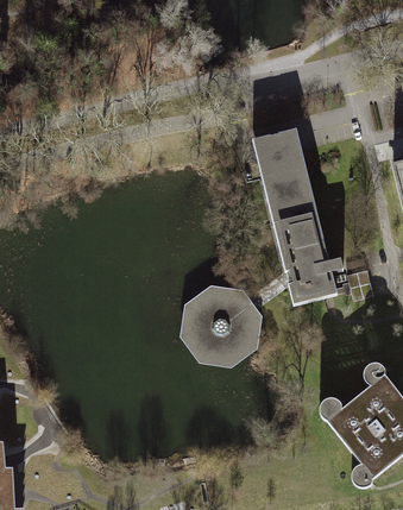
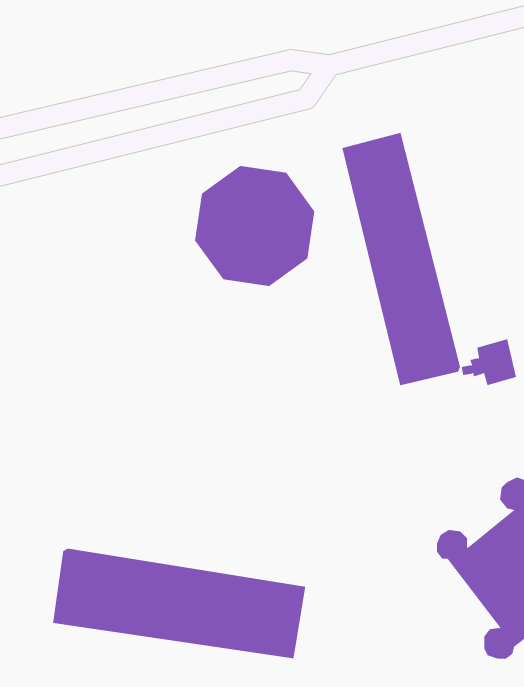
building: [181,284,263,366] -> [194,166,315,286]
building: none -> [52,548,306,659]

